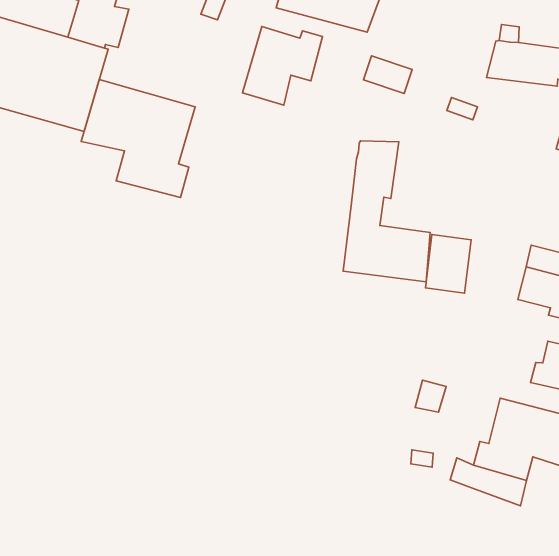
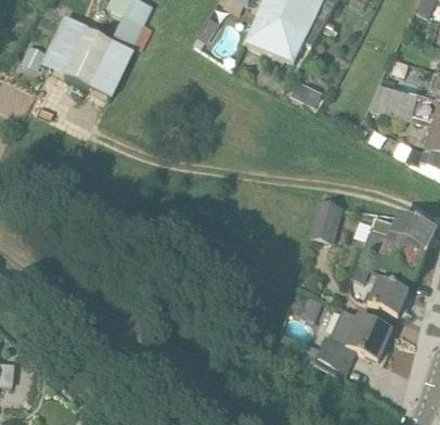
building: [243,27,323,105] -> none
building: [81,80,195,197] -> none
building: [343,141,430,282] -> none

